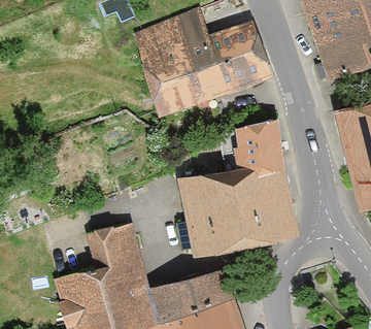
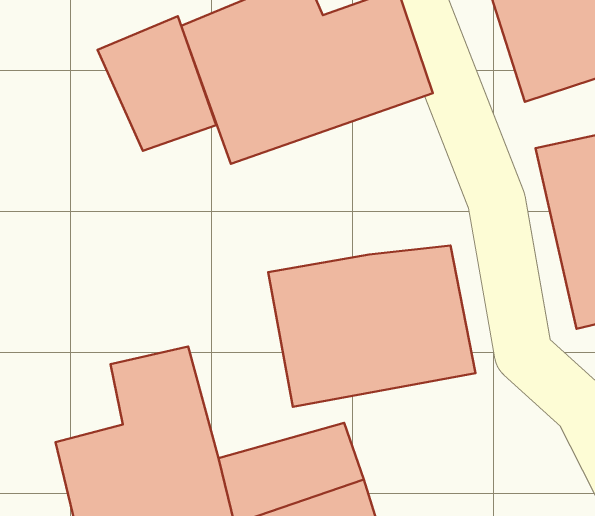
building: none -> [97,16,216,151]
building: [233,120,284,169] -> none

